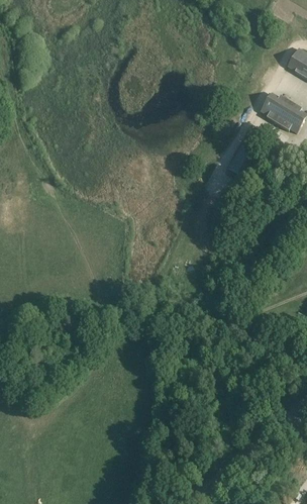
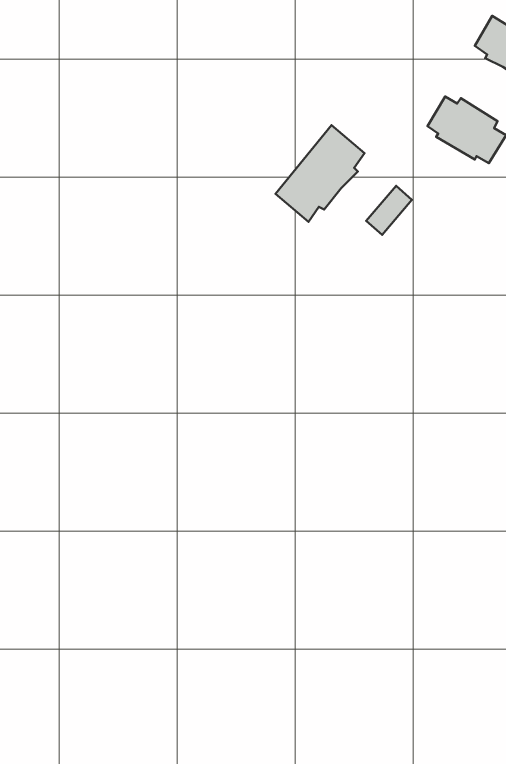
building: none -> [275,125,365,222]

